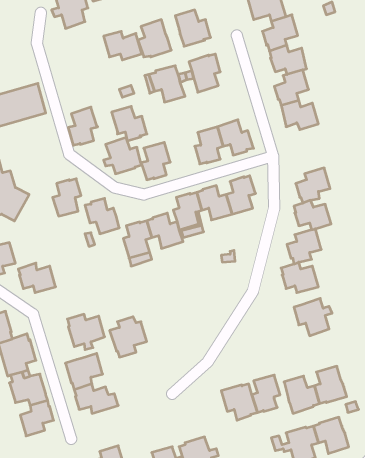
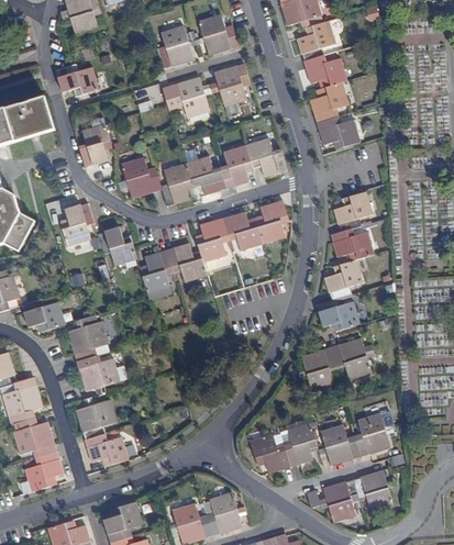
building: [104,31,142,60] -> [56,64,99,96]
building: [112,106,147,141] -> [187,156,226,194]
building: none -> [301,347,337,390]
building: [110,317,147,357] -> [67,315,109,360]

